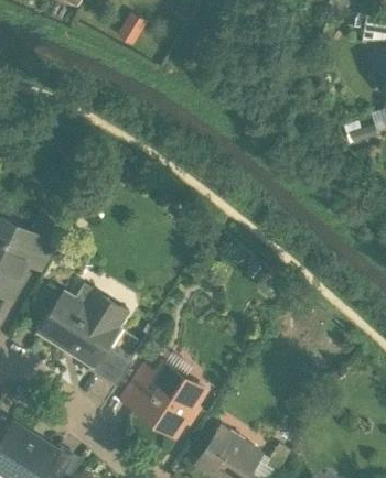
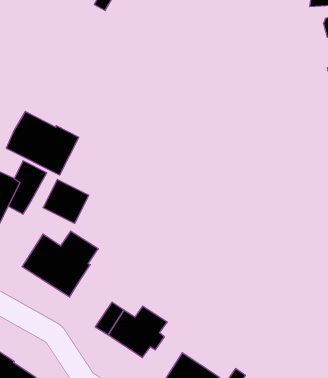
building: none -> [6,111,79,175]
building: none -> [43,179,89,223]
building: [88,346,132,388] -> none

